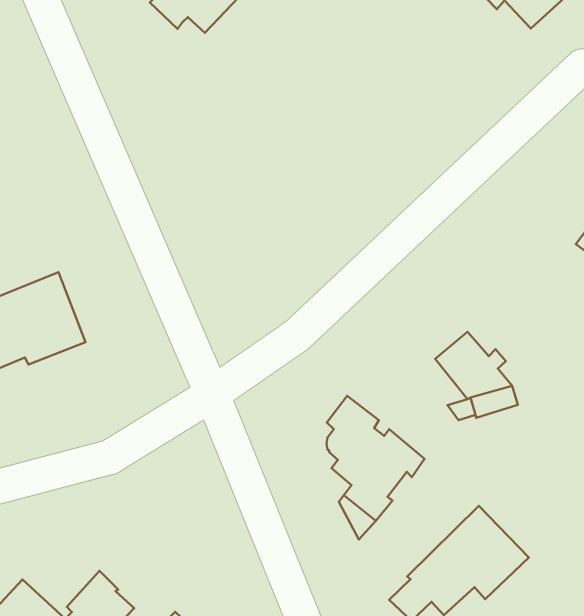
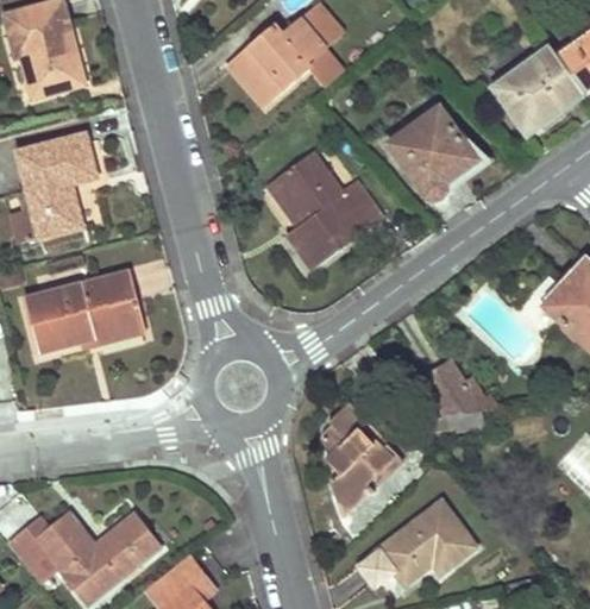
building: none -> [388,105,478,196]
building: none -> [276,151,382,266]

